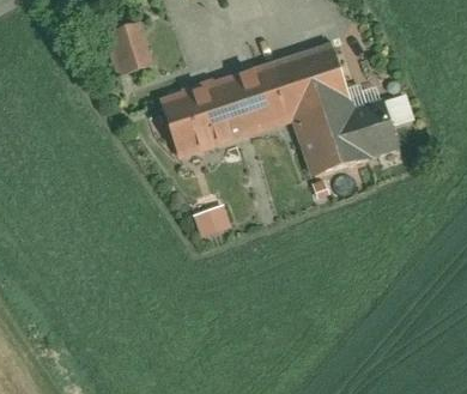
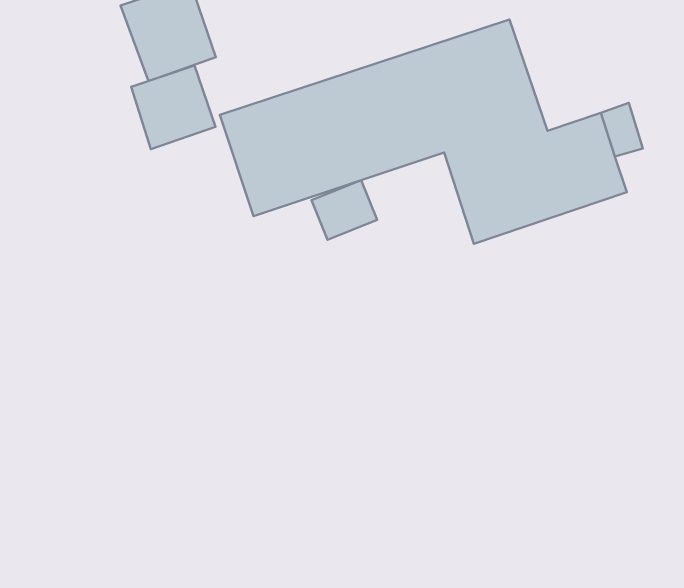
building: none -> [131,66,216,149]
building: [192,202,231,238] -> [312,180,377,240]

